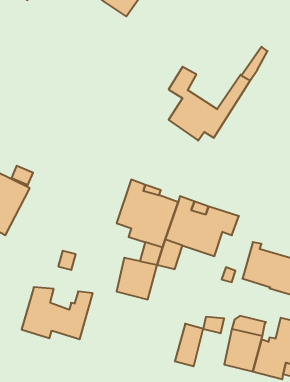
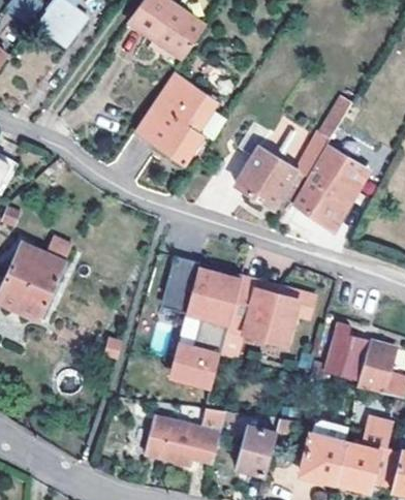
building: none -> [135,74,222,164]
building: none -> [287,145,367,231]
building: [22,287,93,339] -> [142,403,226,465]

